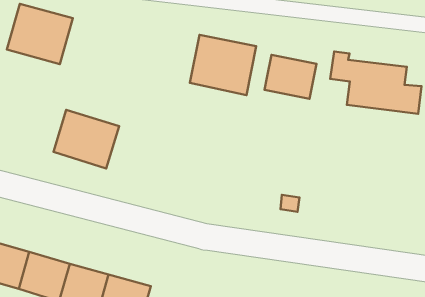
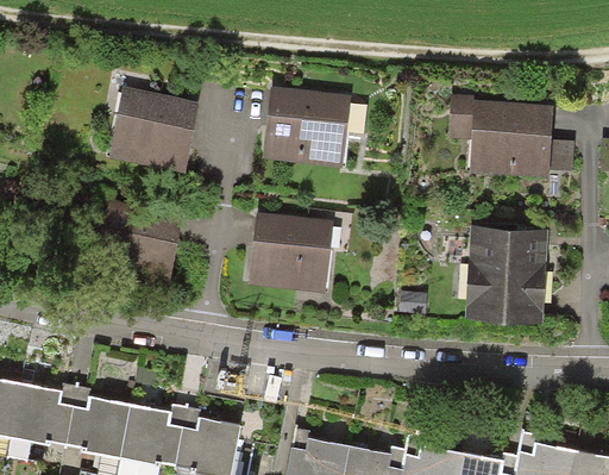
building: [7,4,73,64] -> [113,87,196,162]
building: [264,55,317,99] -> none
building: none -> [249,219,325,283]
building: none -> [469,235,536,317]

